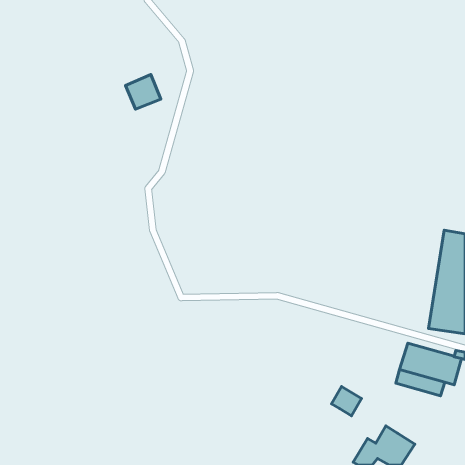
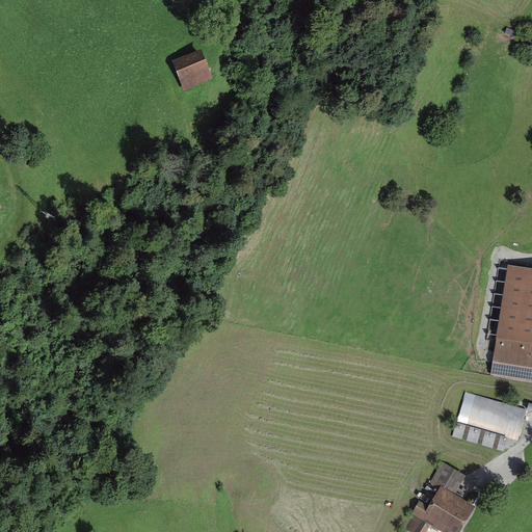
building: [125,74,161,109] -> [172,50,213,89]
building: [331,387,361,416] -> [431,461,466,495]

